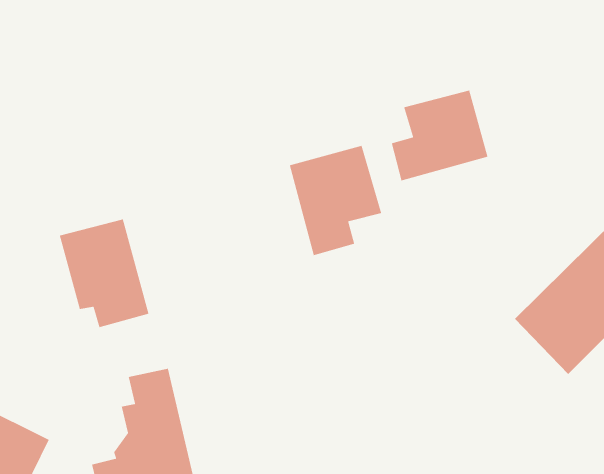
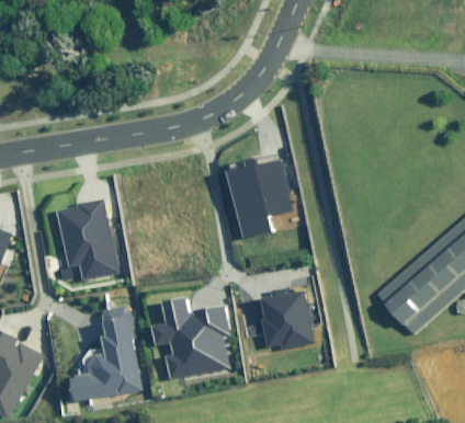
building: [391,89,488,182] -> none
building: none -> [261,291,313,350]
building: none -> [152,297,228,377]

